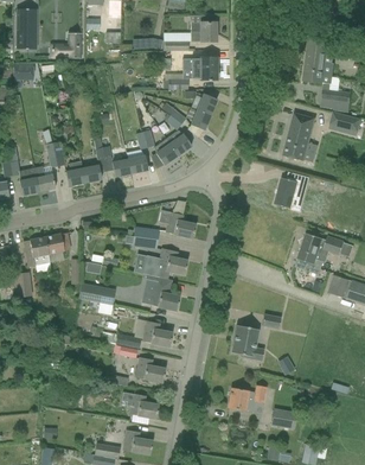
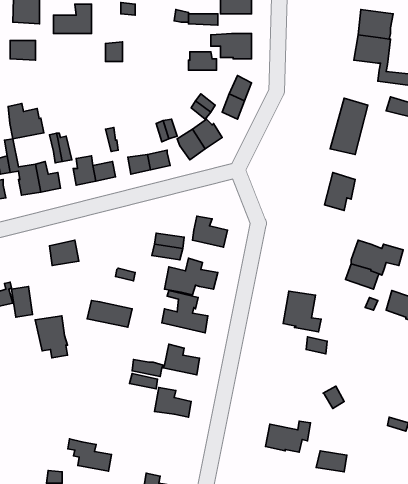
building: none -> [8,104,44,139]
building: [23,237,50,273] -> [35,316,67,358]
building: [231,325,263,359] -> [283,291,321,332]
building: [121,391,158,419] -> [68,439,111,471]

